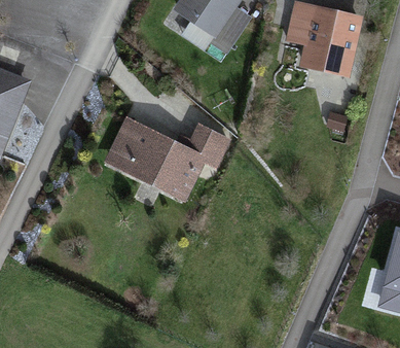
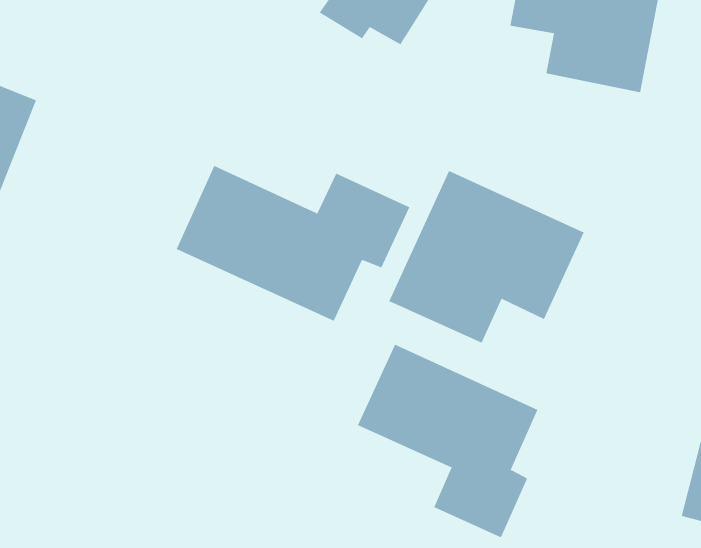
building: none -> [388,170,584,343]
building: none -> [357,344,538,538]

